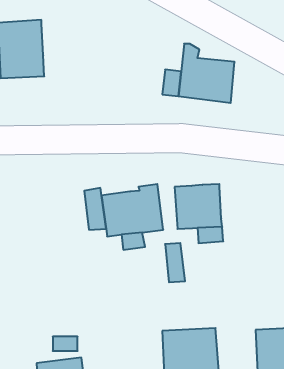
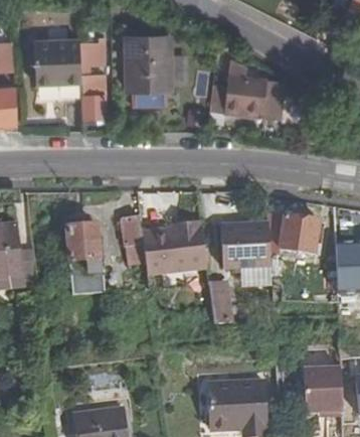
building: none -> [127,37,170,100]
building: none -> [79,43,106,119]
building: none -> [268,218,319,254]
building: none -> [70,226,100,272]

